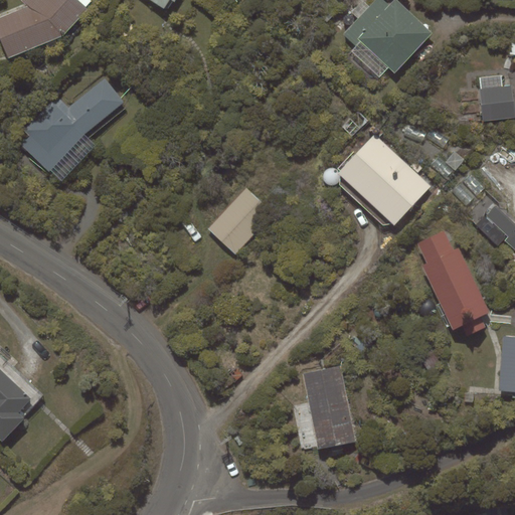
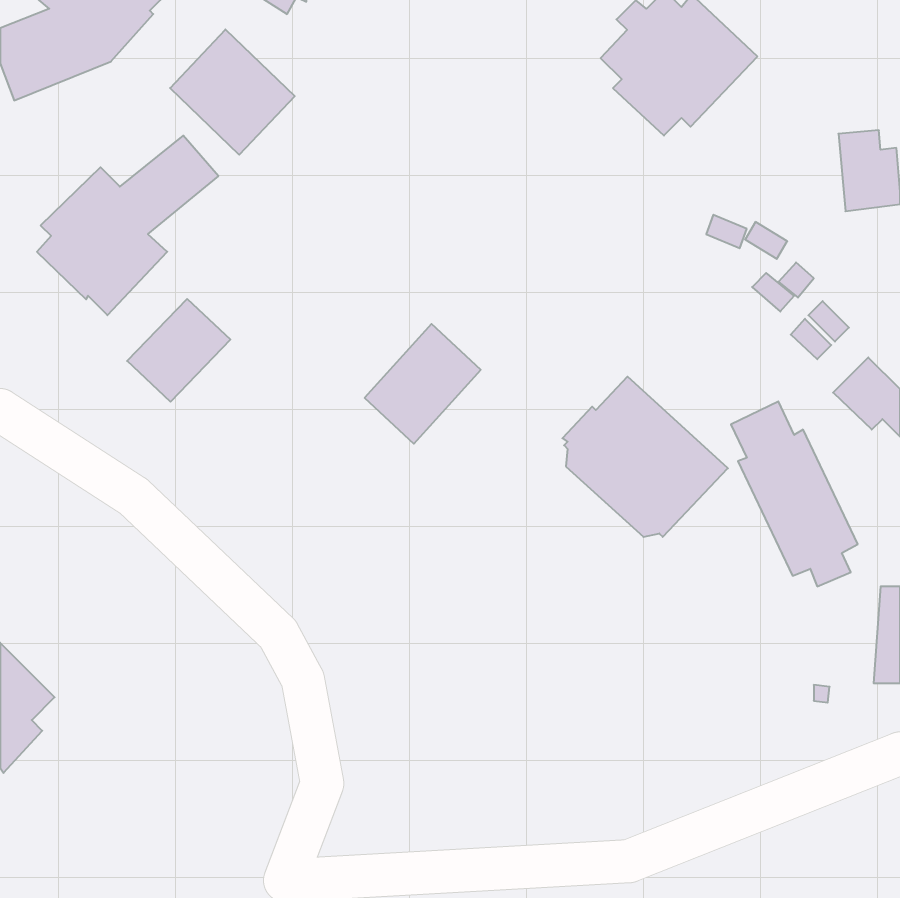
building: none -> [170,29,295,155]
building: [337,133,432,224] -> [562,377,728,537]
building: none -> [127,299,230,402]
building: [293,365,356,449] -> none

